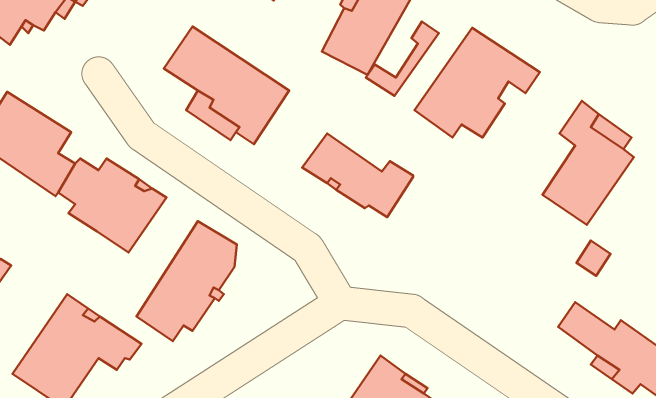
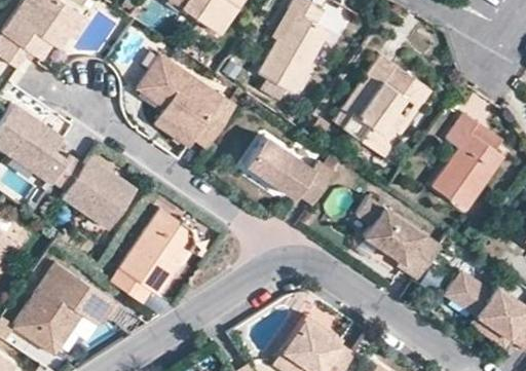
building: [366,21,439,96] -> [363,98,420,156]
building: none -> [350,196,438,277]

